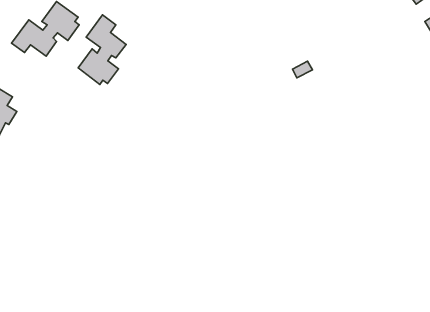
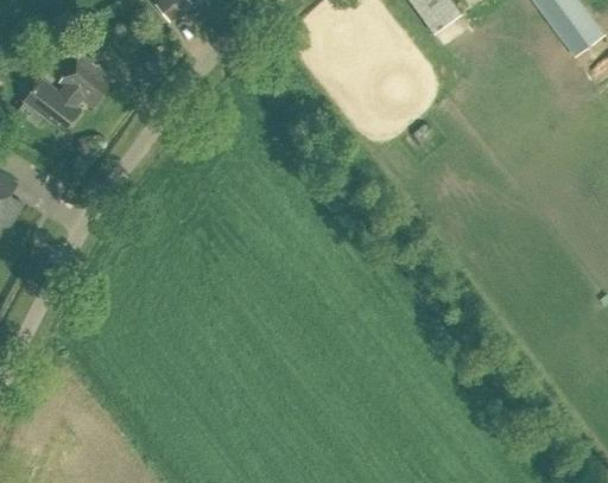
building: [78,15,126,84] -> none

